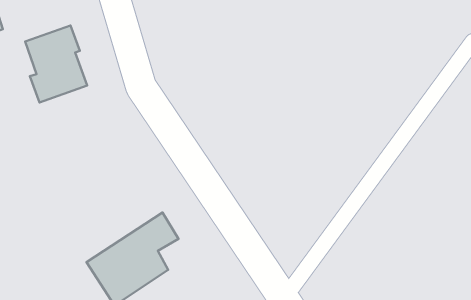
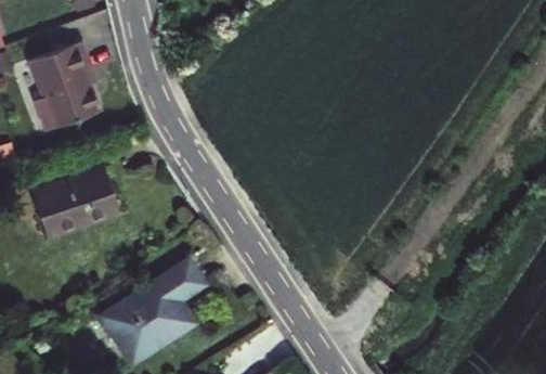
building: none -> [32,168,120,238]

